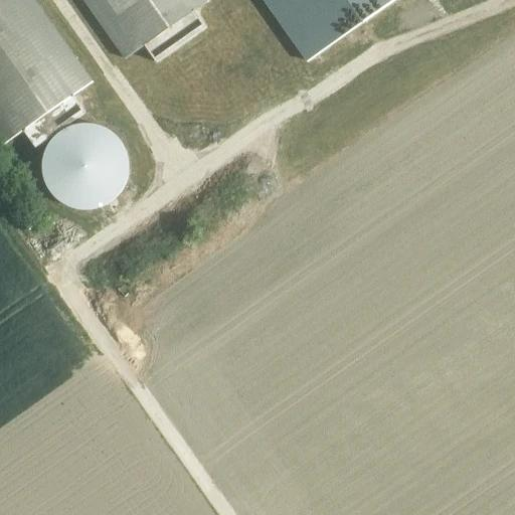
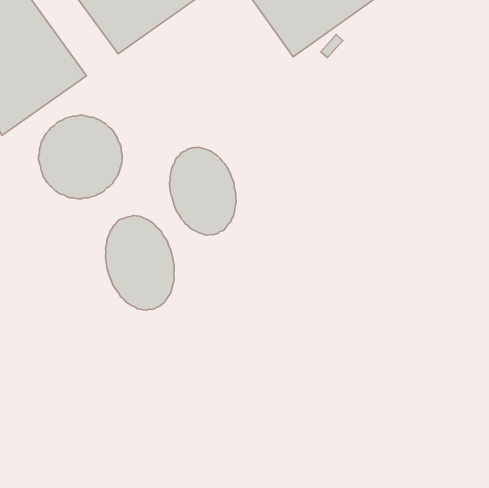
building: none -> [170,147,236,235]
building: none -> [105,215,174,310]

